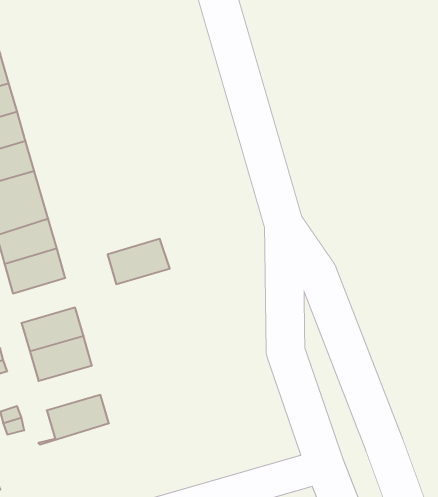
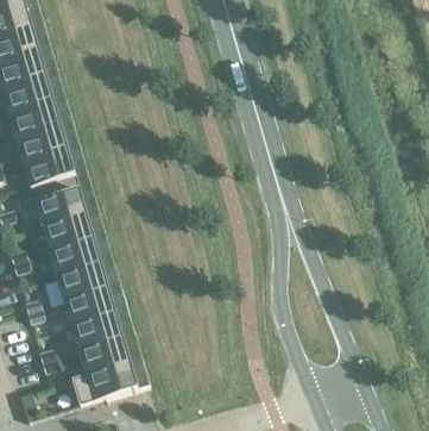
building: [108,239,170,284] -> [49,238,101,276]
building: none -> [70,312,122,350]
building: none -> [71,361,137,405]

